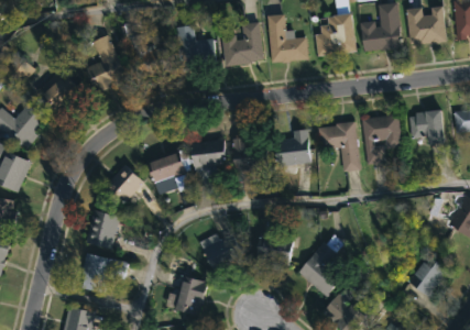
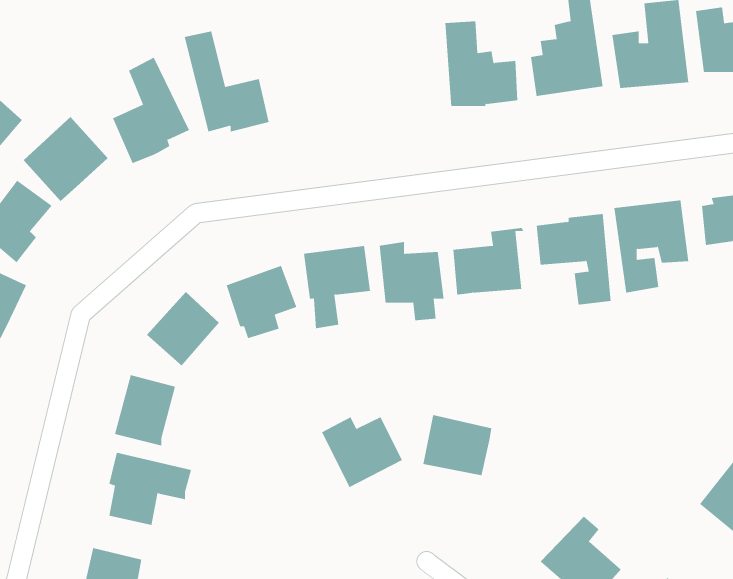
building: [221,22,263,66] -> none
building: [182,24,216,63] -> none
building: [298,234,345,296] -> none
building: [173,273,208,317] -> none

